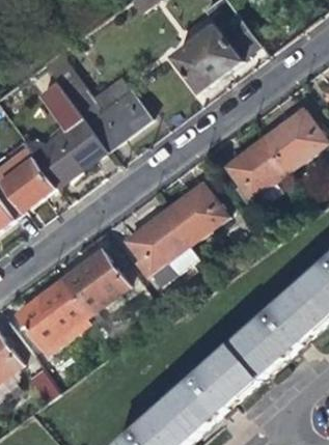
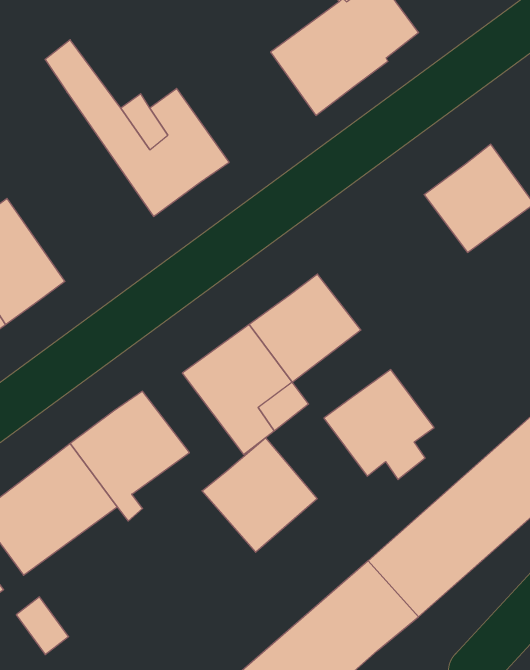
building: [32,79,107,188] -> none
building: [224,138,287,201] -> [324,370,434,480]
building: none -> [202,438,317,552]

